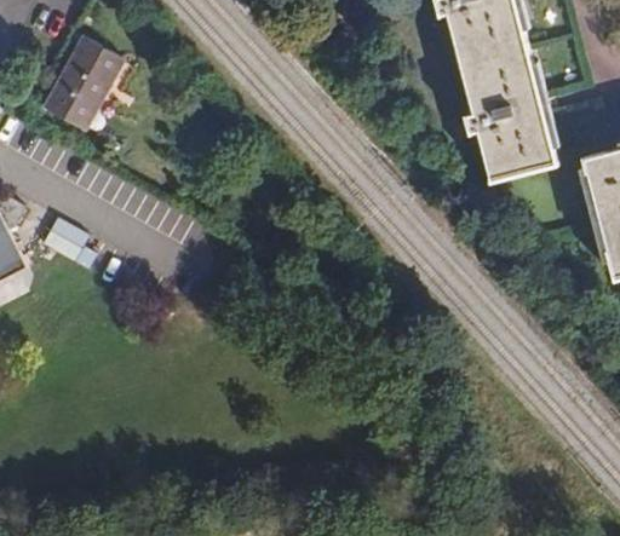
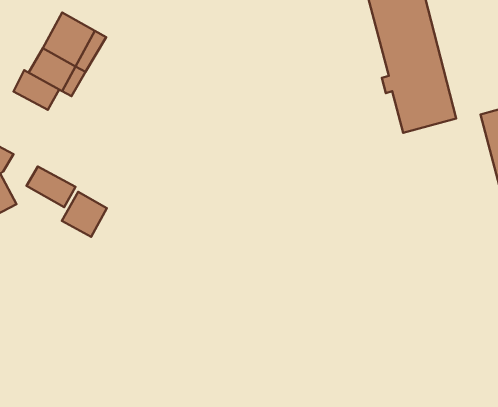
building: none -> [13,70,59,110]
building: none -> [62,192,107,237]

